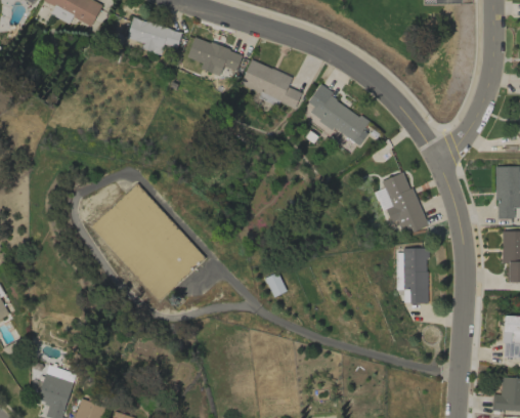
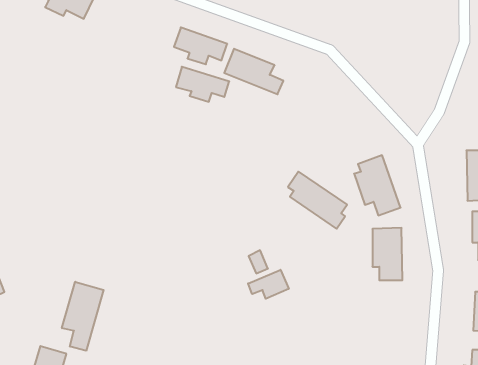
building: [127,17,183,54] -> [176,67,229,102]
building: [308,87,371,148] -> [288,172,347,229]
building: none -> [248,270,289,299]
building: none -> [62,282,104,351]

